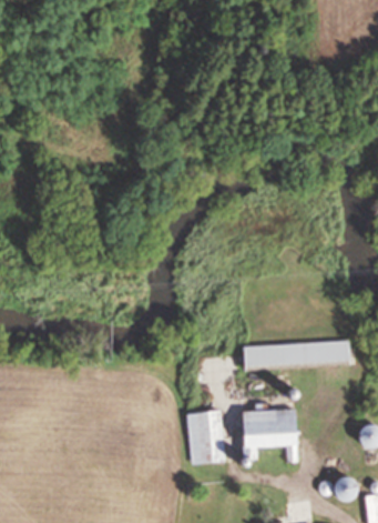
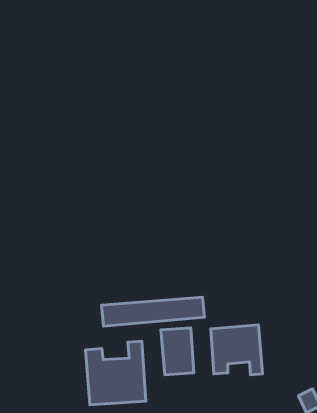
building: [238,339,353,371] -> [102,297,204,326]
building: none -> [85,341,146,405]

